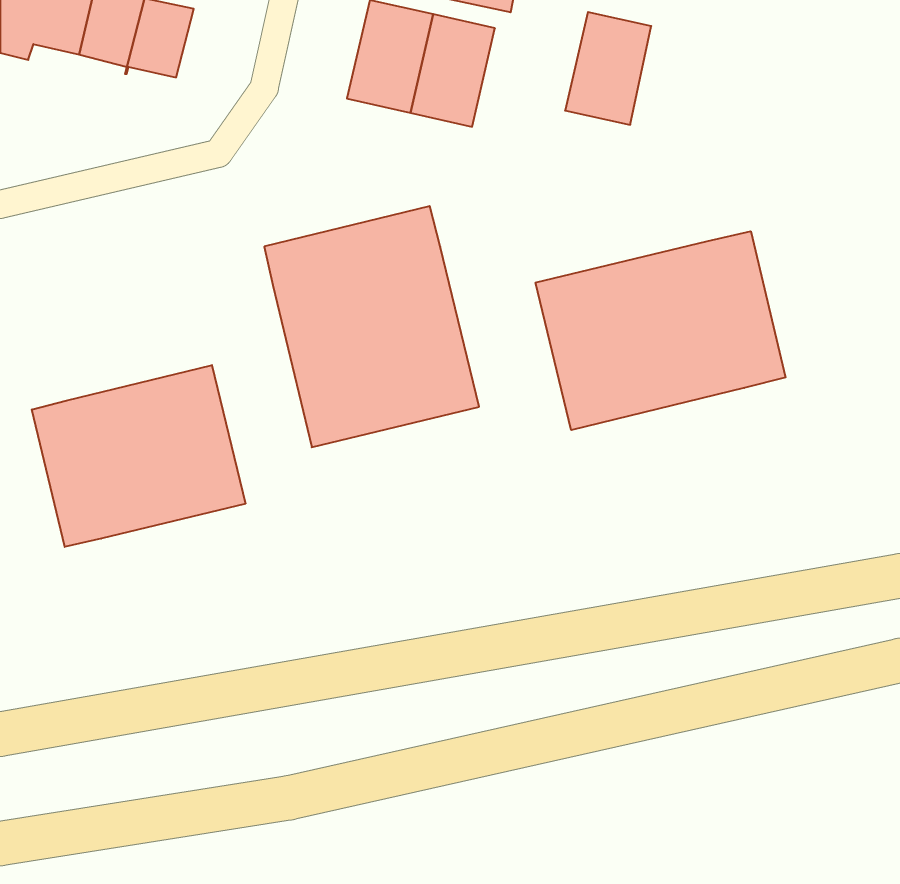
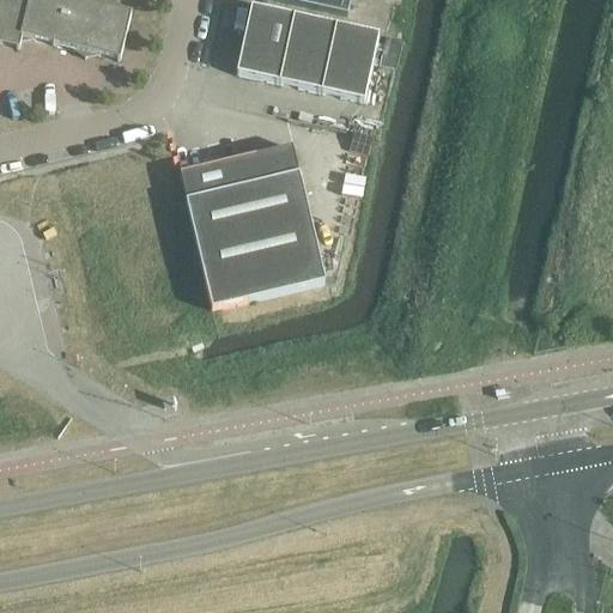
building: [565,12,651,125] -> [321,19,380,96]
building: [536,231,786,430] -> none
building: [32,365,245,547] -> none

